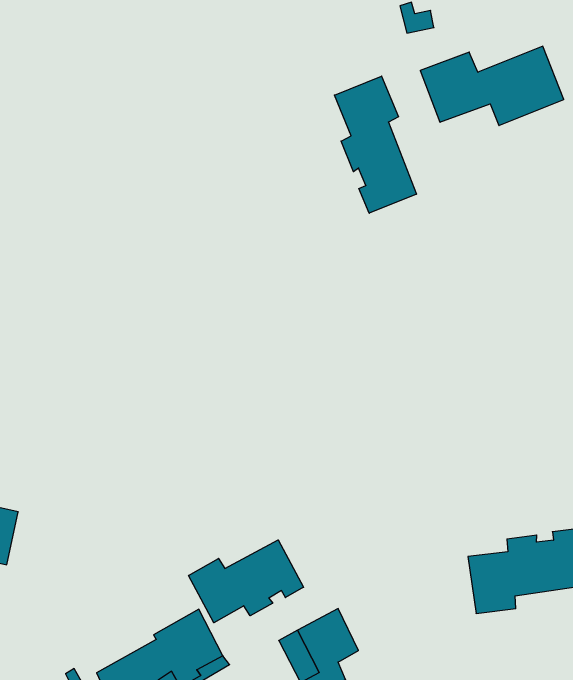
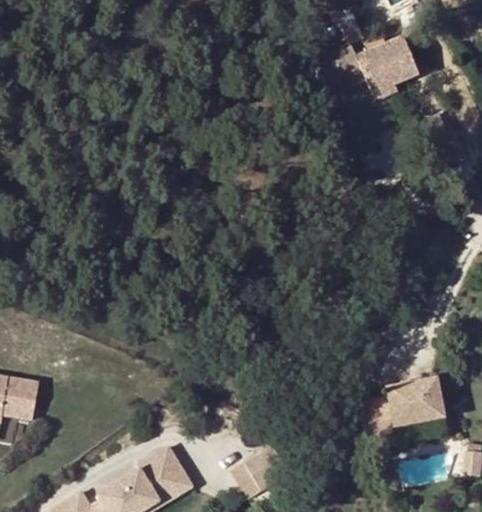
building: [334,76,416,213] -> none
building: [189,540,304,623] -> none

